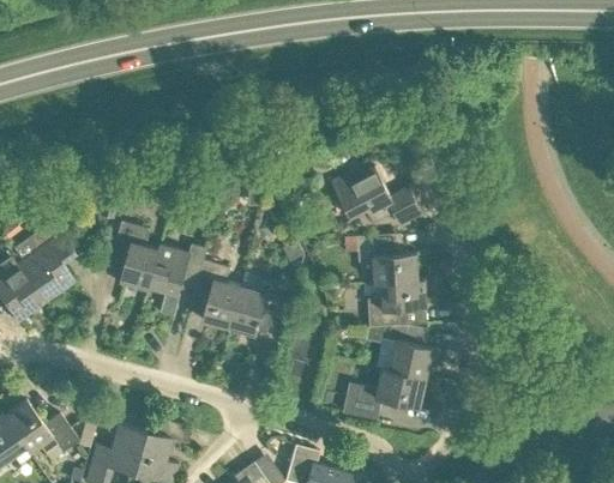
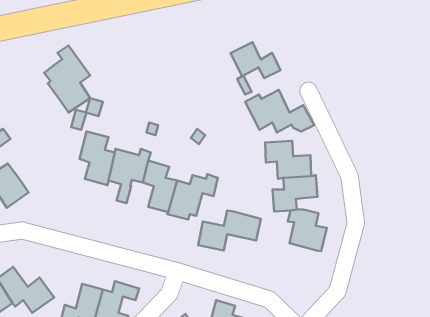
building: none -> [230,42,280,78]
building: [12,213,73,302] -> [44,45,90,113]
building: [343,368,426,421] -> [198,211,261,250]

